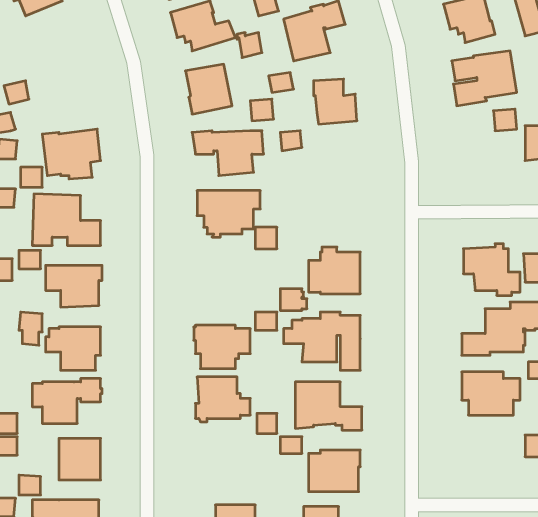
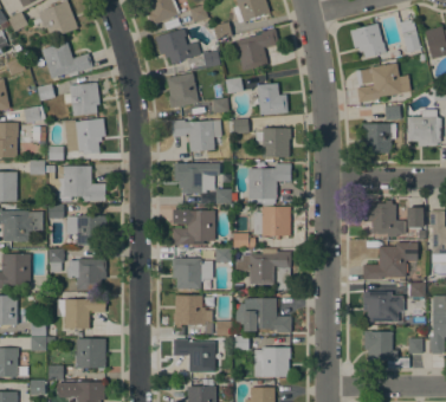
building: none -> [41,40,93,78]
building: none -> [63,82,99,116]
building: none -> [362,123,396,153]
building: none -> [256,128,290,156]
building: none -> [247,163,291,197]
building: none -> [172,208,215,241]
building: none -> [363,329,408,367]
building: none -> [173,338,214,371]

